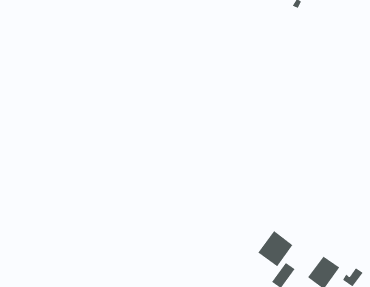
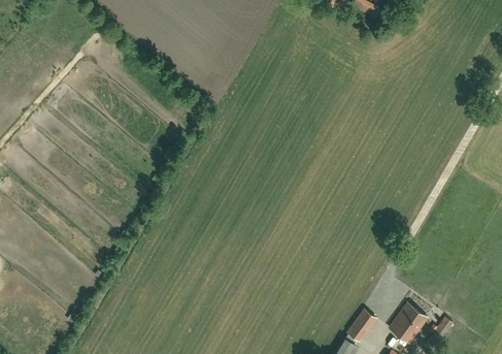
building: [257,230,293,267] -> none

